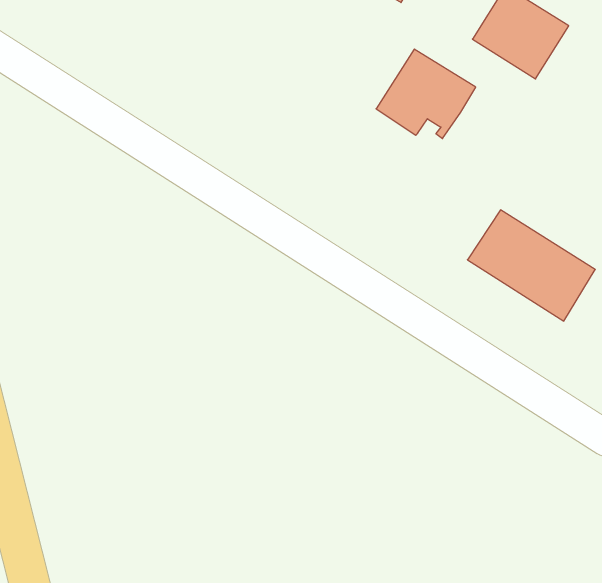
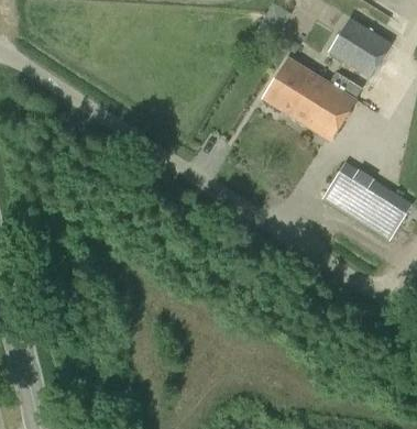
building: none -> [290,72,362,139]

